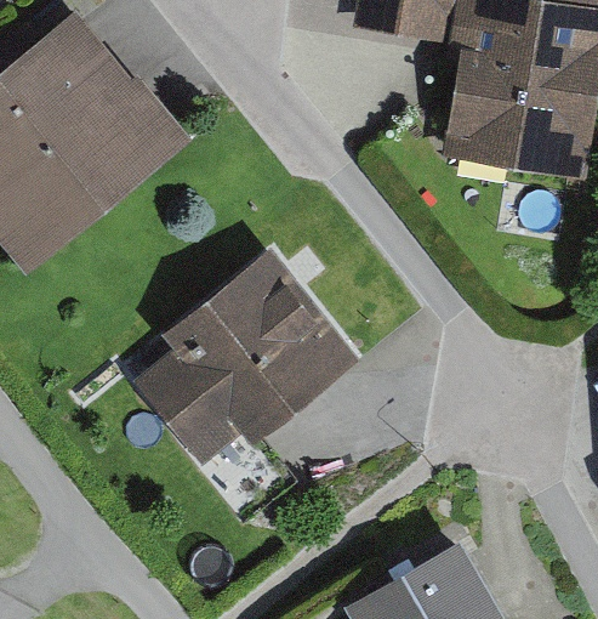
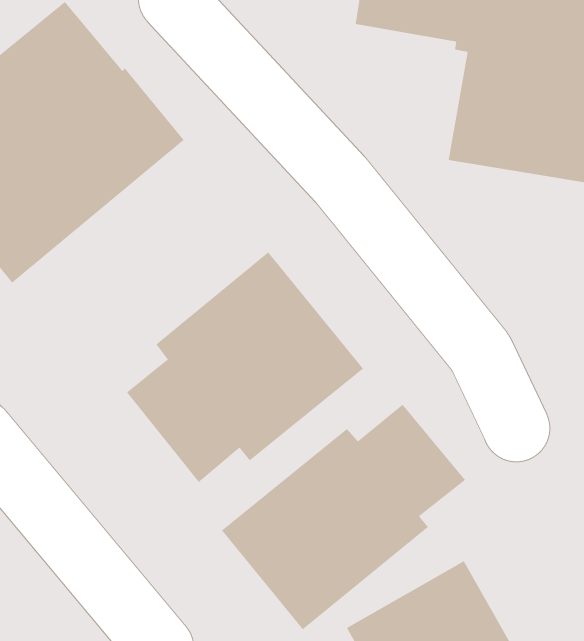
building: none -> [221,404,466,630]

